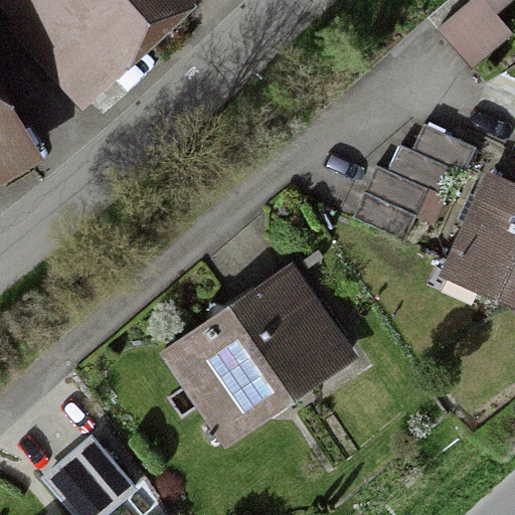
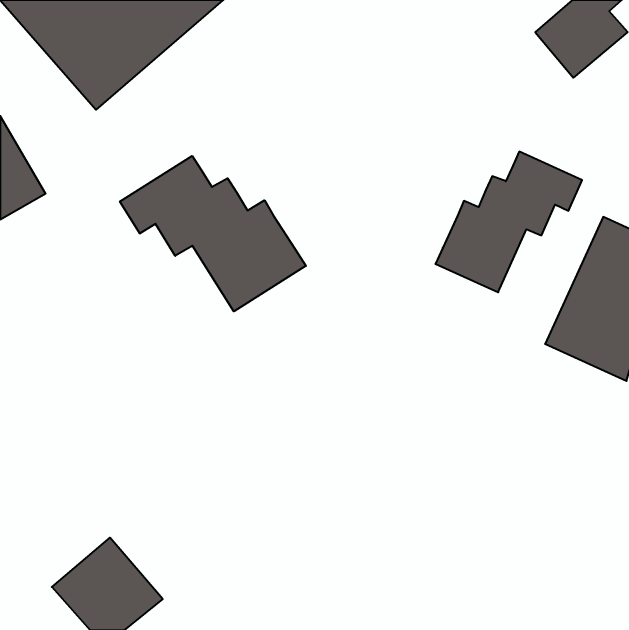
building: none -> [120,156,306,311]
building: [171,274,348,433] -> none

